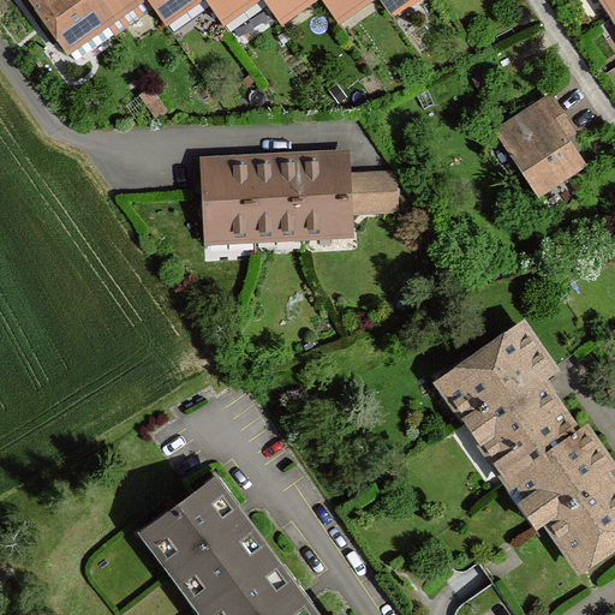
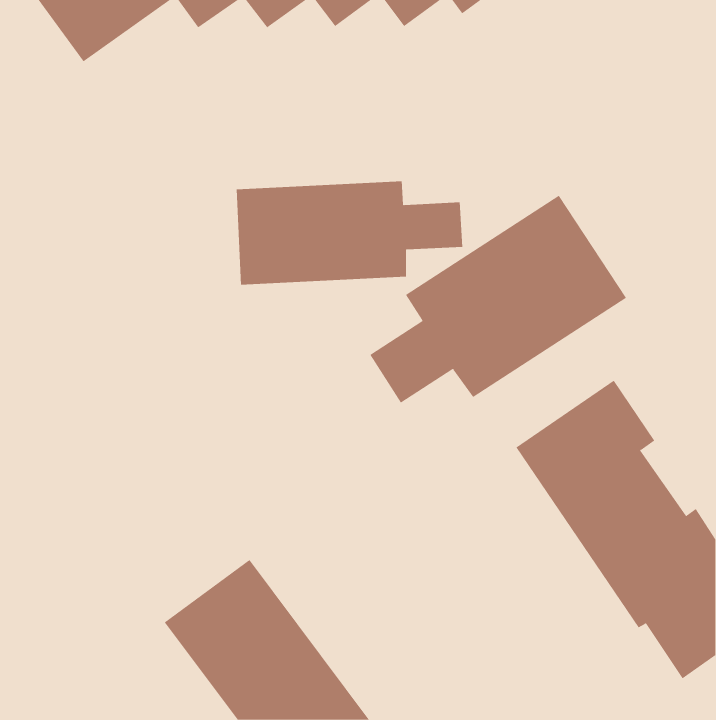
building: [494,97,579,195] -> none
building: none -> [370,195,627,404]

